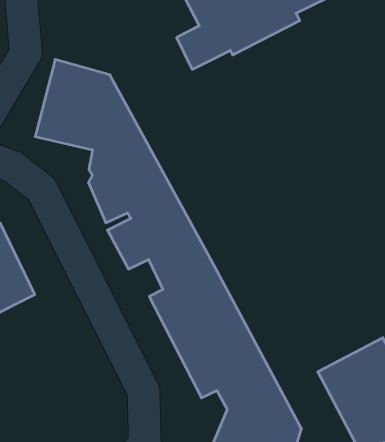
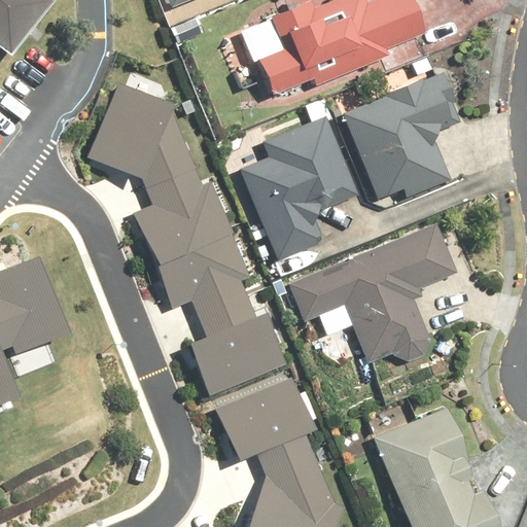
building: none -> [338,76,459,203]
building: none -> [235,117,354,264]
building: none -> [283,225,453,366]

